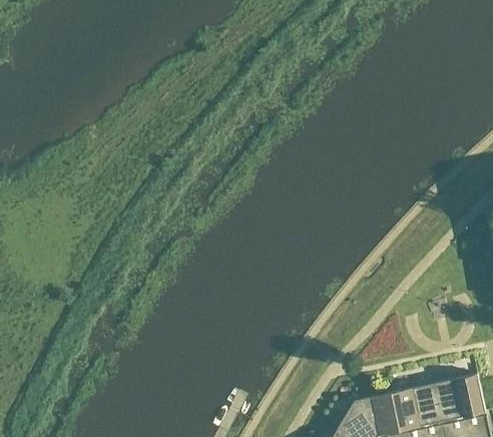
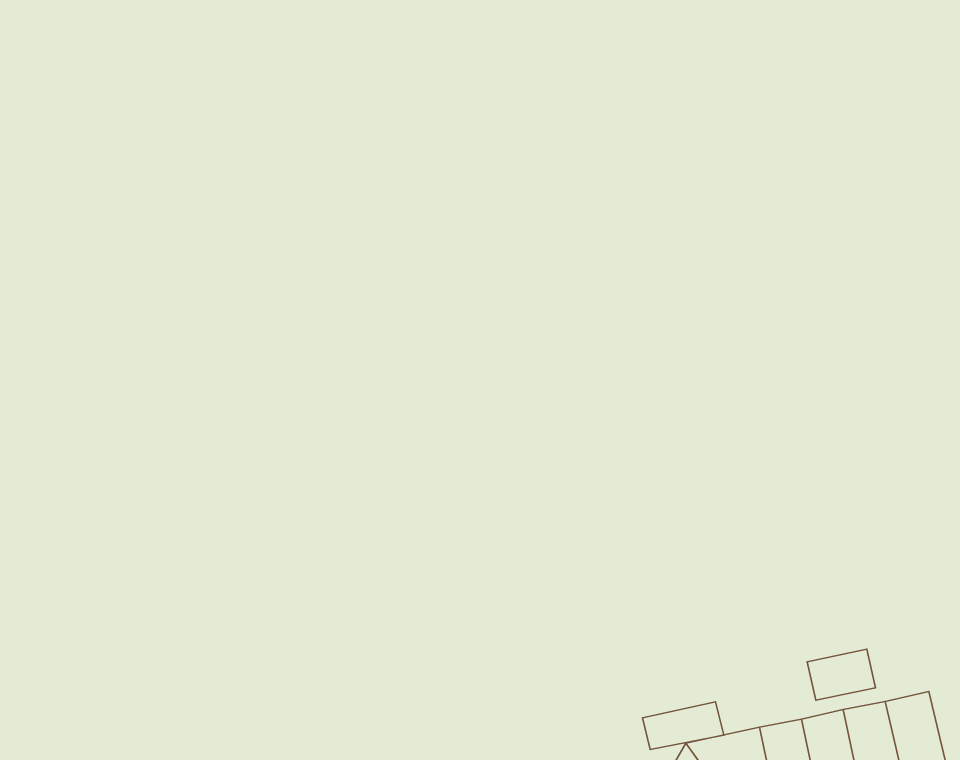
building: none -> [807,649,876,700]
building: none -> [642,702,724,749]

